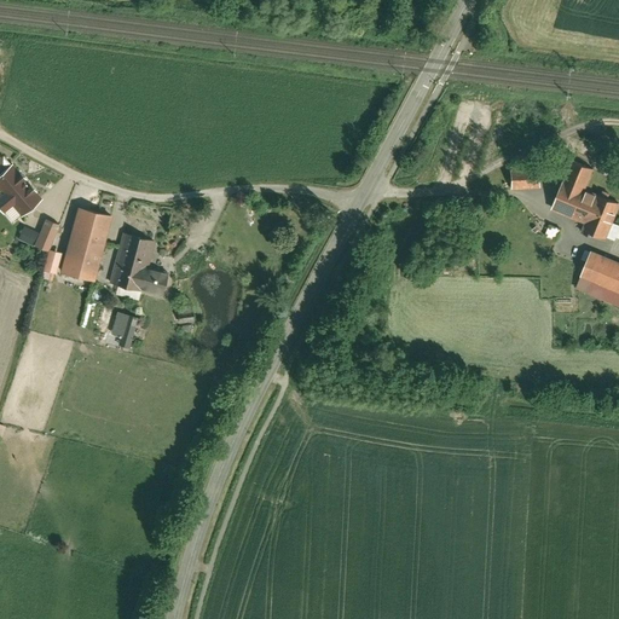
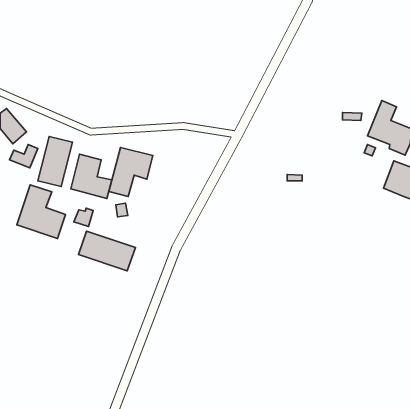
building: none -> [109,147,153,197]
building: none -> [17,185,65,239]
building: none -> [79,231,135,271]

